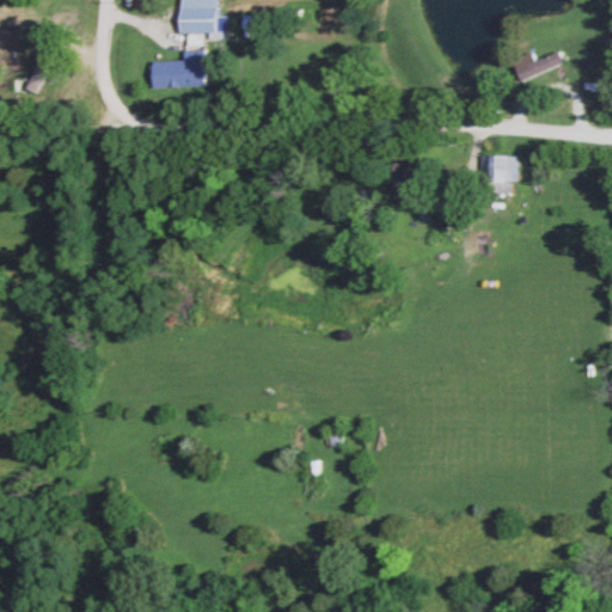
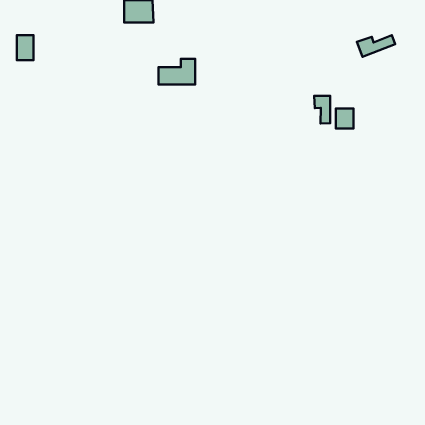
building: [153,50,206,87] -> [158,59,195,85]
building: none -> [314,96,330,123]

